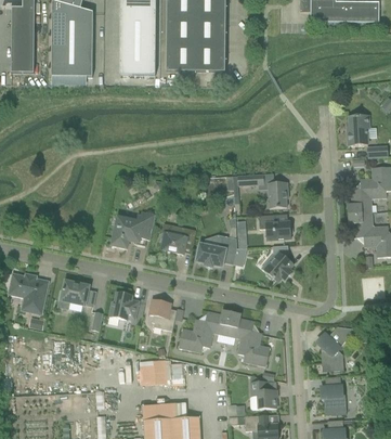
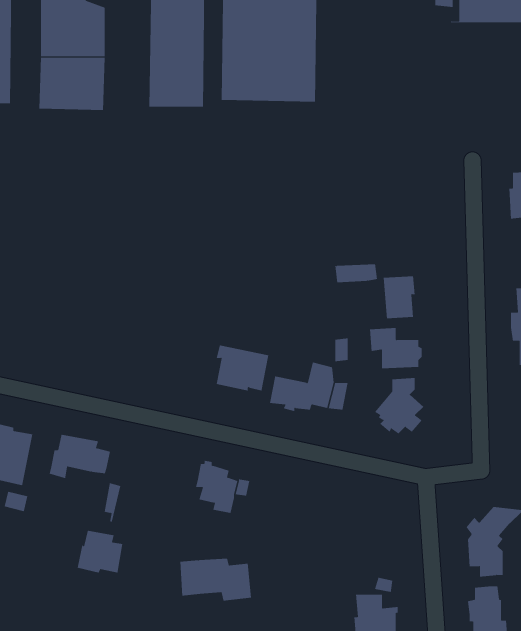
building: [112,212,155,248] -> none
building: [109,292,139,319] -> [77,530,123,573]
building: [179,309,270,366] -> none

